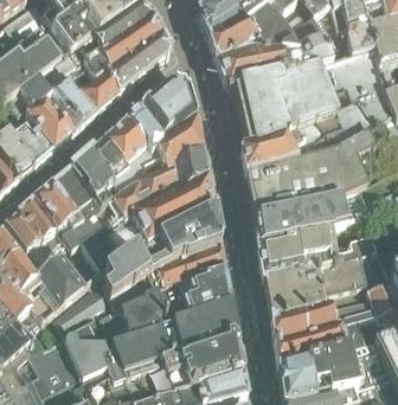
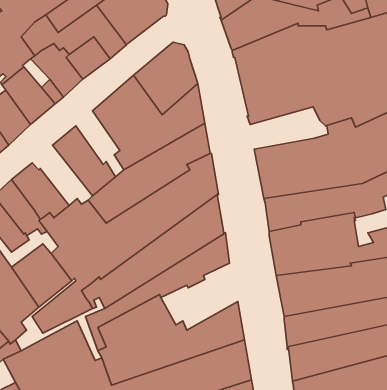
building: [243,130,303,167] -> none
building: [91,134,134,191] -> none
building: [54,163,107,216] -> none
building: [166,265,232,323] -> none

